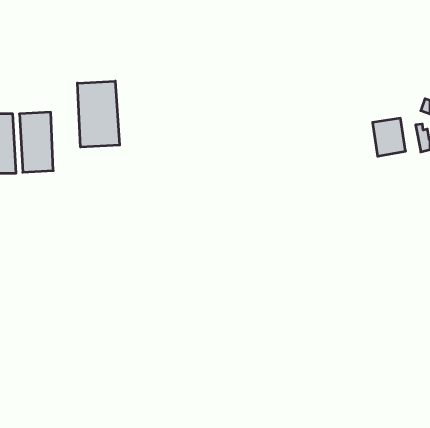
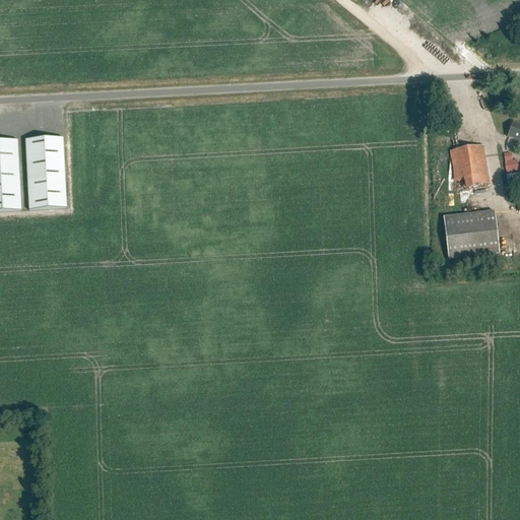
building: [77,81,120,147] -> none
building: none -> [446,209,501,257]

